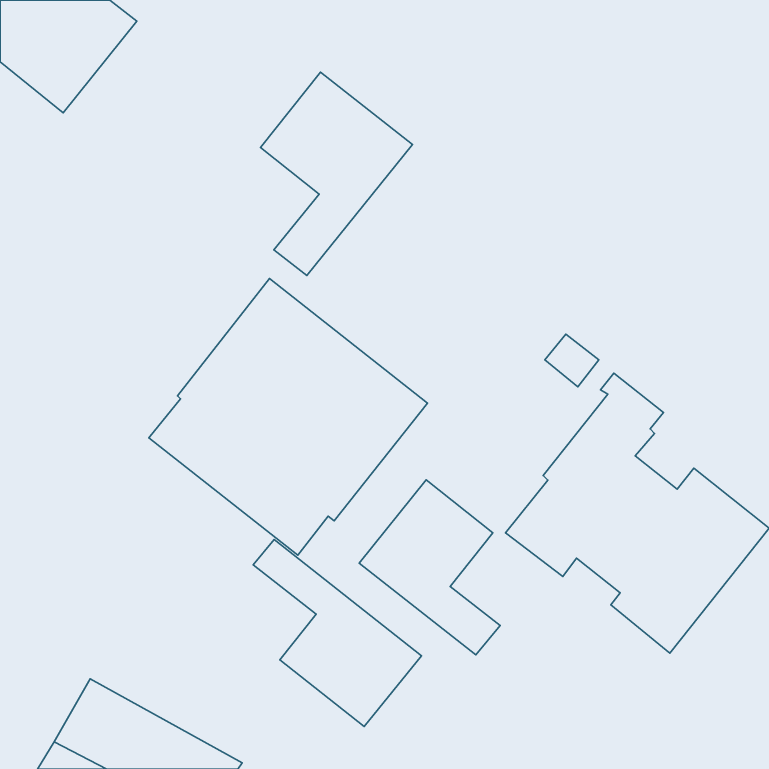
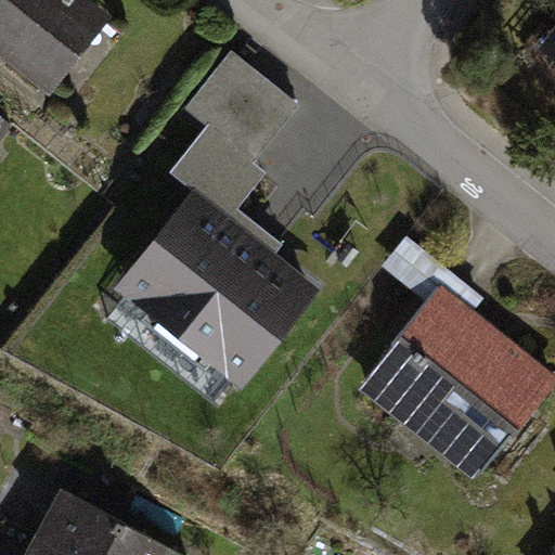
building: [359,480,500,655] -> none
building: [253,540,422,727] -> none

